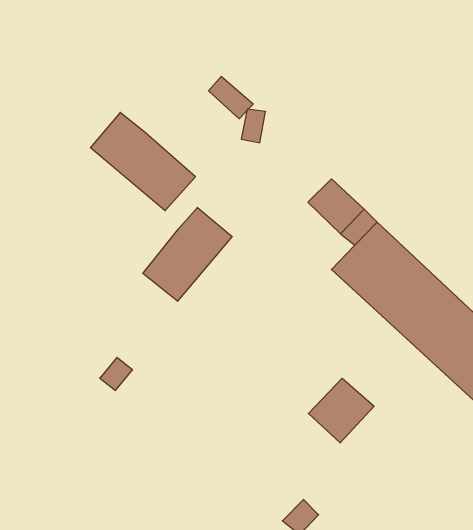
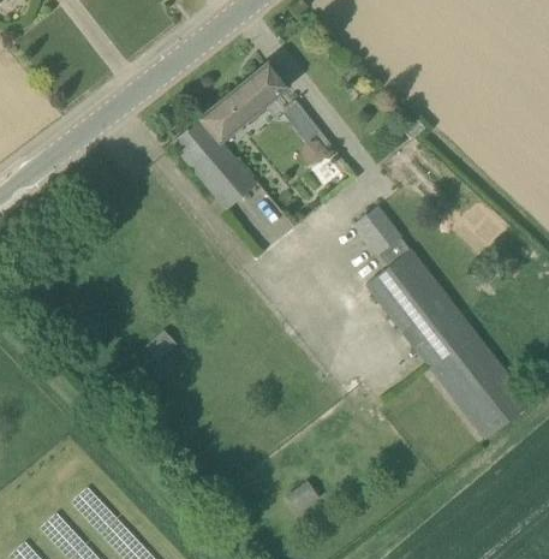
building: none -> [203,64,287,138]
building: [143,207,232,301] -> none
building: [308,378,374,443] -> none

